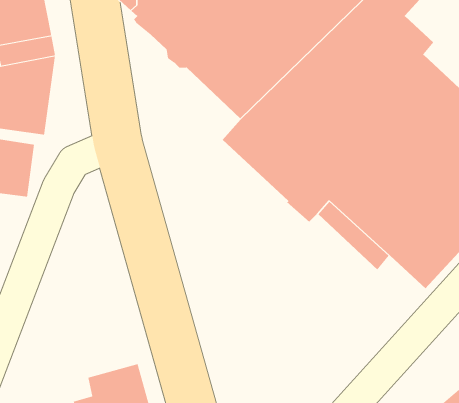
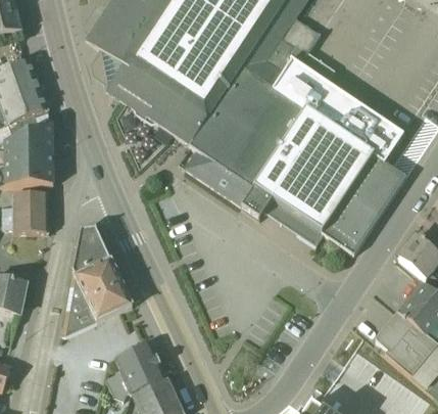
building: none -> [62,226,133,335]

